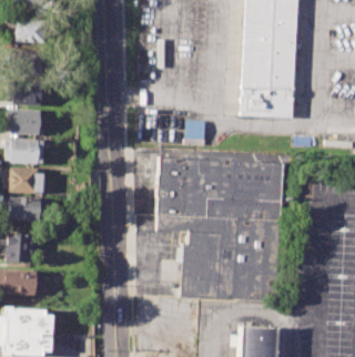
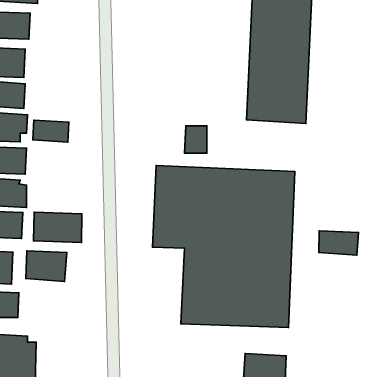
building: none -> [33,120,69,142]
building: none -> [34,212,82,242]
building: none -> [319,231,359,255]
building: none -> [26,251,67,282]

